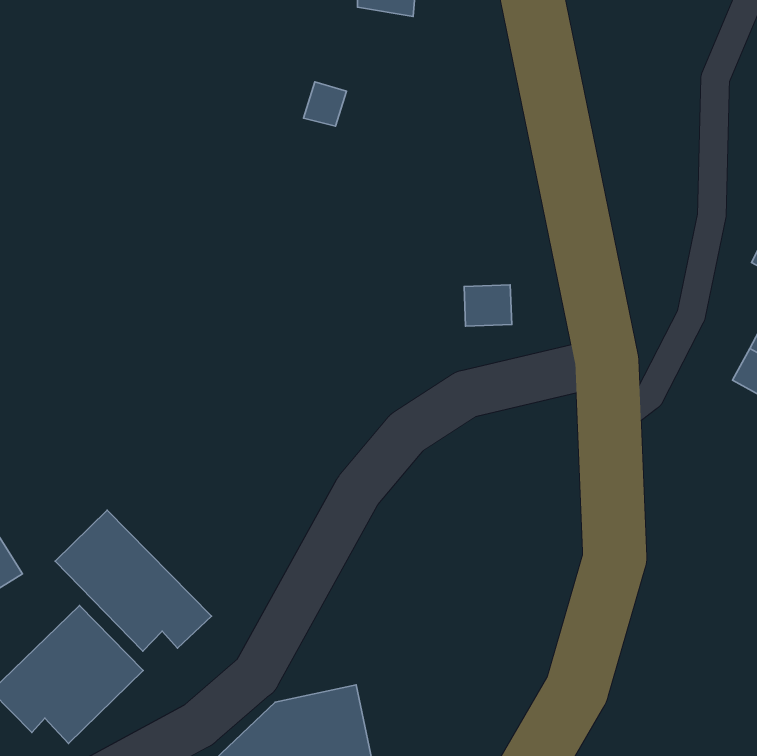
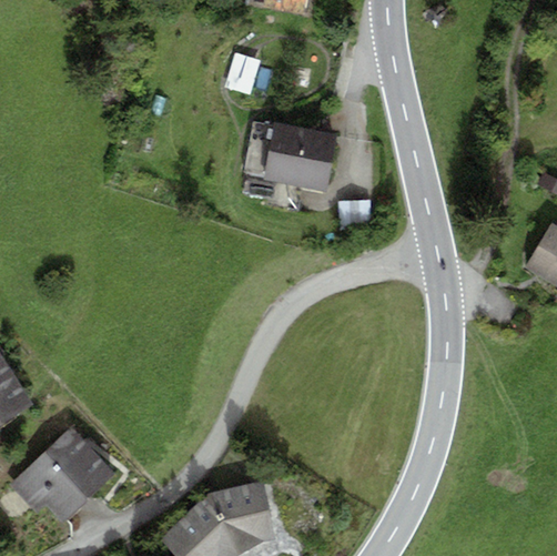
building: none -> [243,121,335,189]
building: [55,510,212,651] -> none

